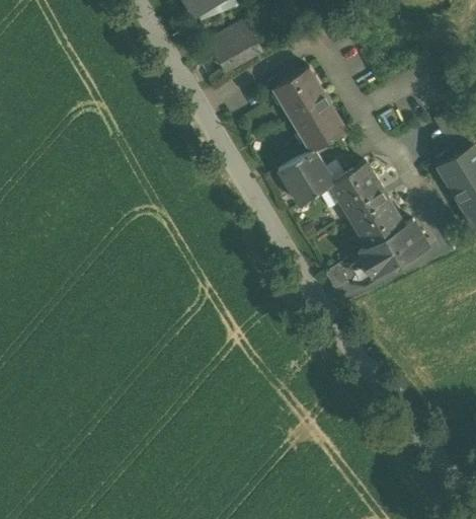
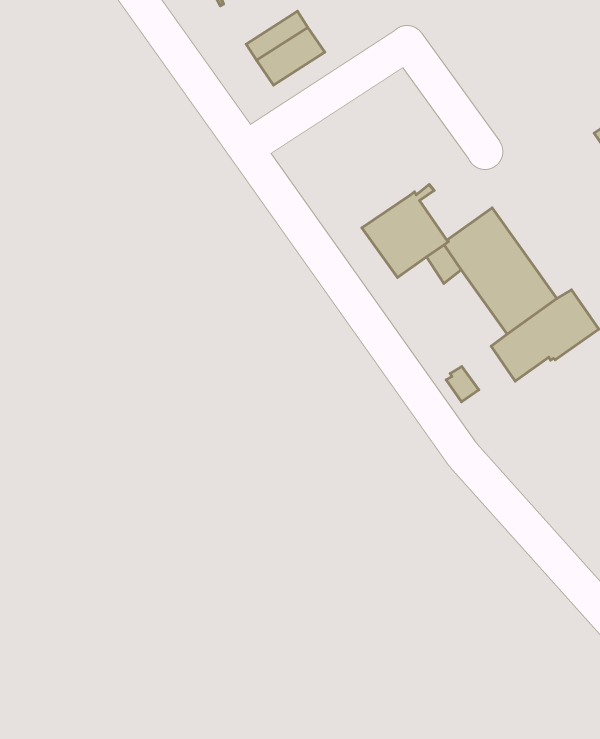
building: [272,67,345,150] -> none

